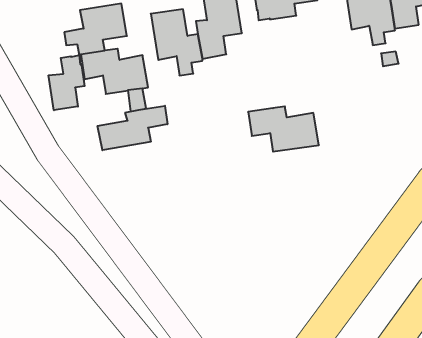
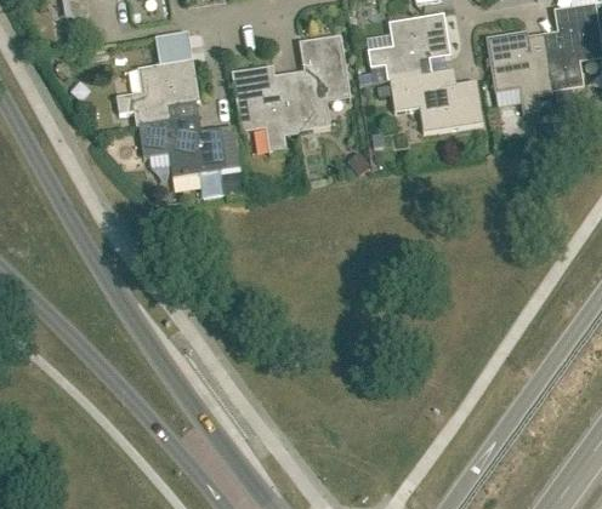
building: [49,55,85,110] -> none
building: [98,106,167,150] -> none
building: [248,106,319,152] -> [390,70,483,130]

